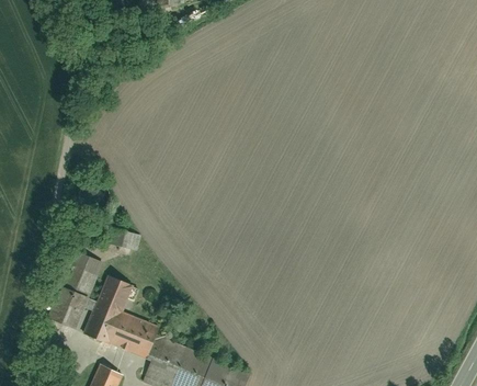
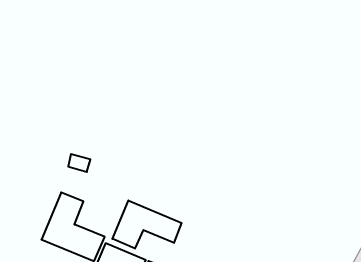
building: [49,251,103,330] -> none
building: none -> [112,200,182,249]

